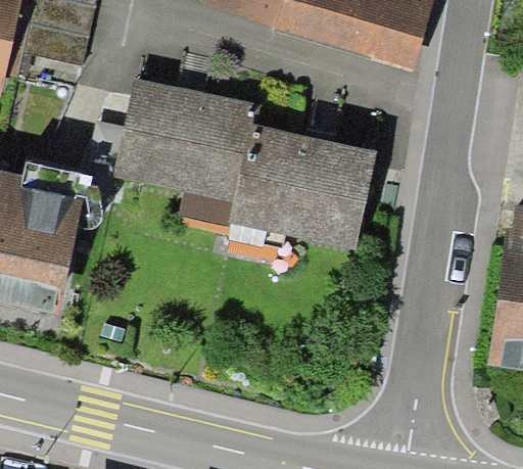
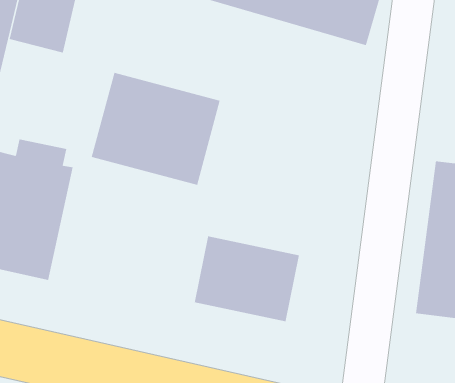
building: [235,123,385,257] -> none
building: none -> [194,236,300,322]

